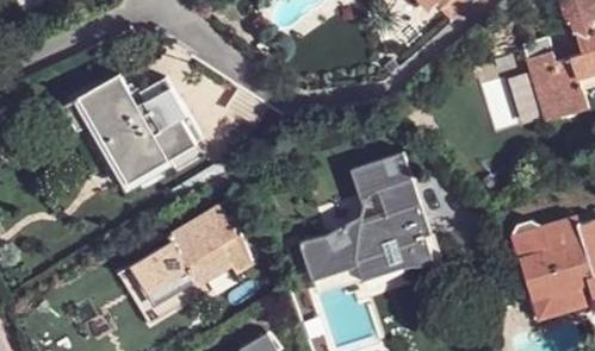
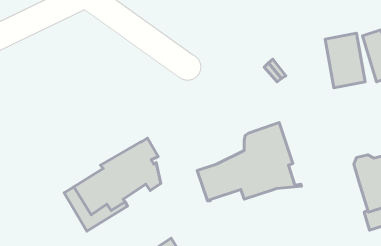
building: [62,73,197,181] -> none
building: [351,151,411,201] -> none

